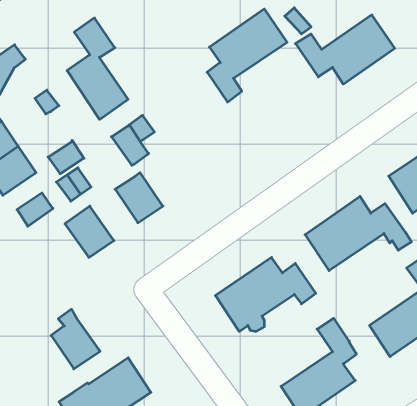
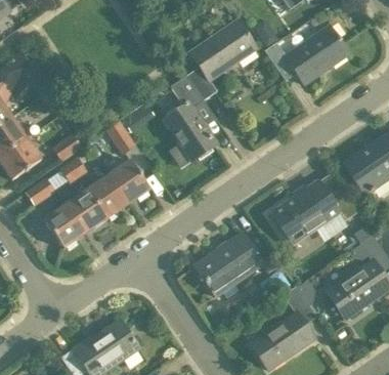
building: [67,18,128,119] -> [164,74,216,161]
building: none -> [87,174,128,218]
building: [51,309,100,369] -> [44,197,86,248]

